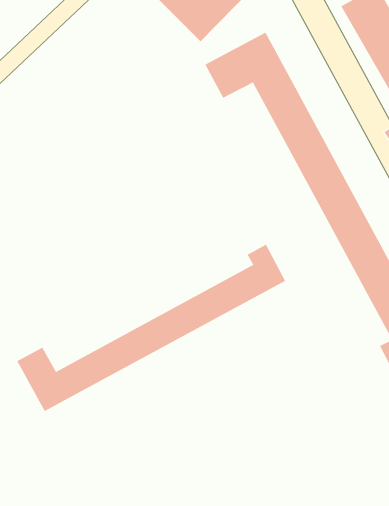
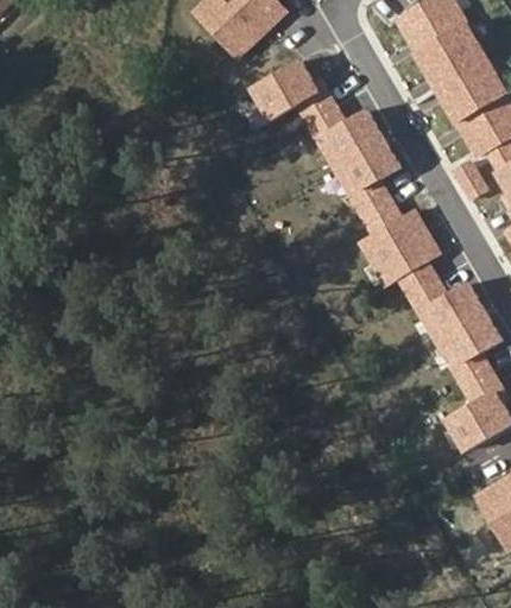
building: [17,244,286,412] -> none

